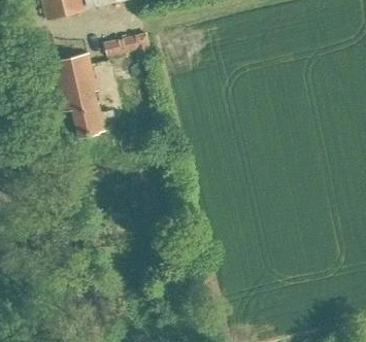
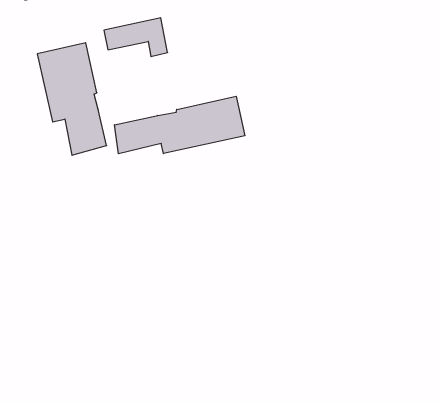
building: none -> [115,96,245,154]

